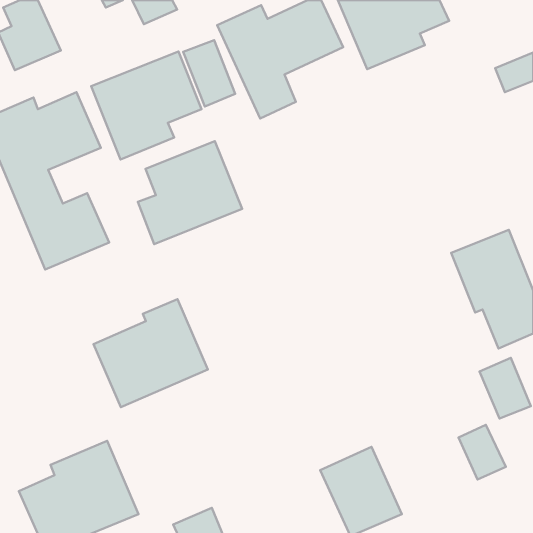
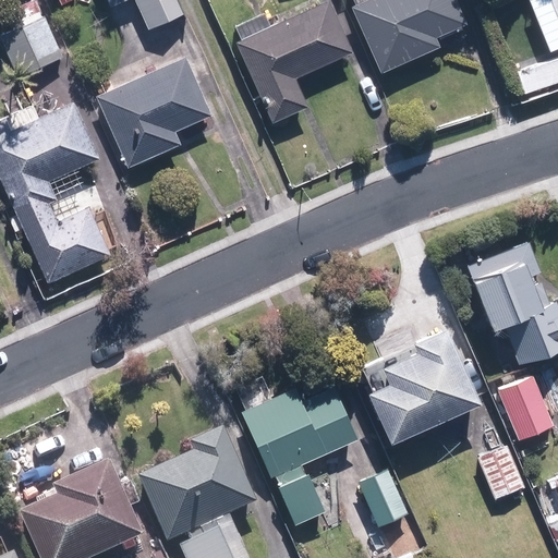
building: [183,40,235,106] -> none
building: [138,141,242,244] -> none
building: [93,299,208,407] -> [138,430,257,543]
building: none -> [373,324,485,440]
building: none -> [242,380,357,525]

